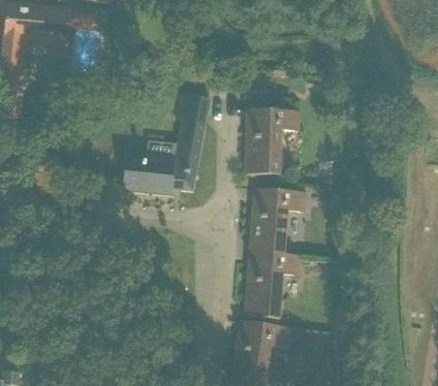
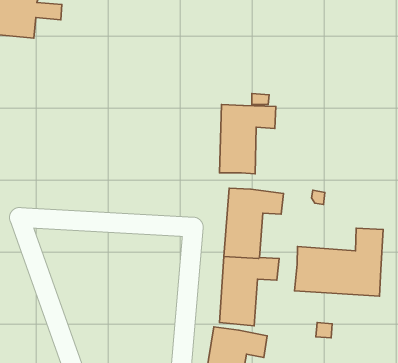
building: [122,94,209,194] -> none
building: none -> [295,228,383,296]

